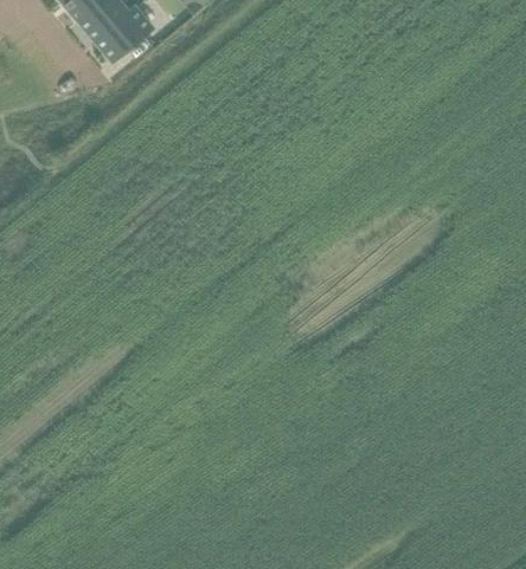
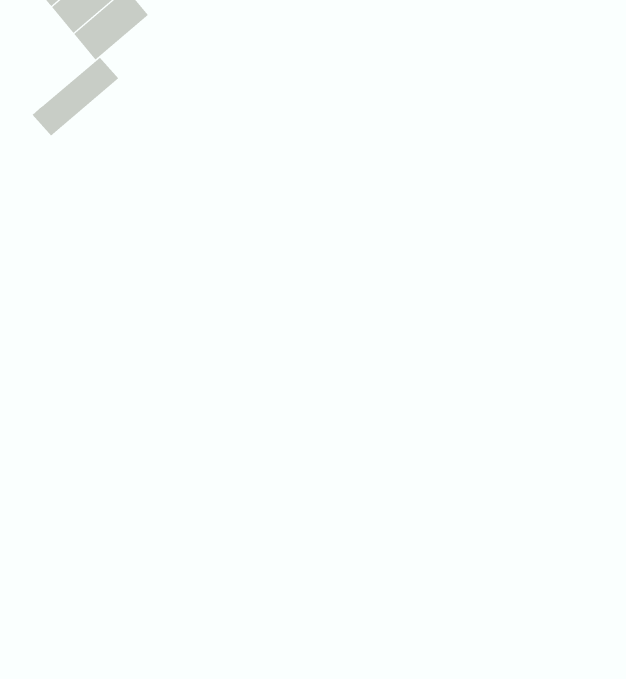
building: none -> [32,57,119,136]

